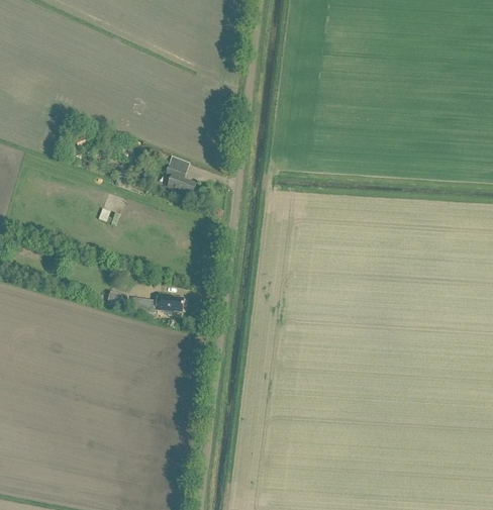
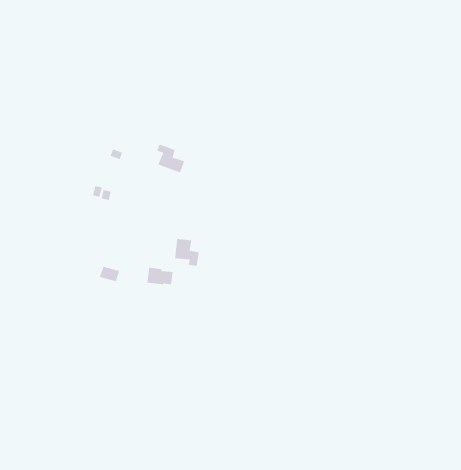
building: none -> [174,238,200,267]

